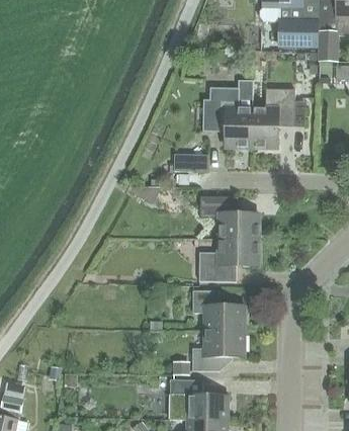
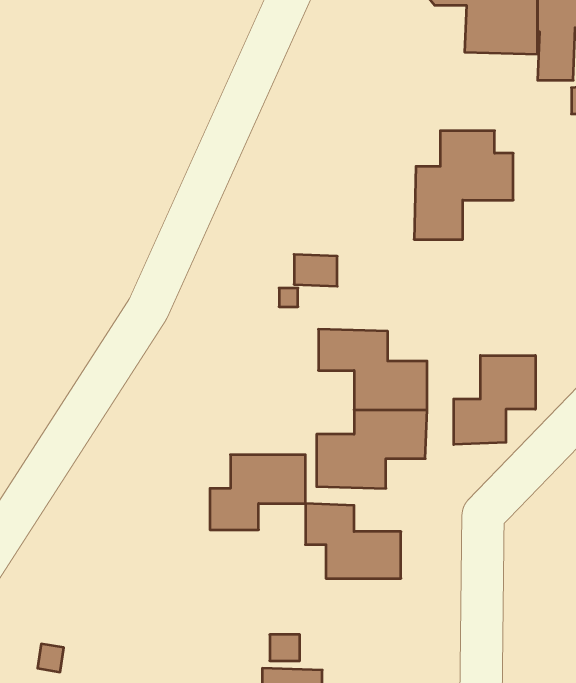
building: [208,80,253,147] -> none
building: none -> [454,355,535,445]
building: [192,330,244,370] -> [210,455,305,530]

